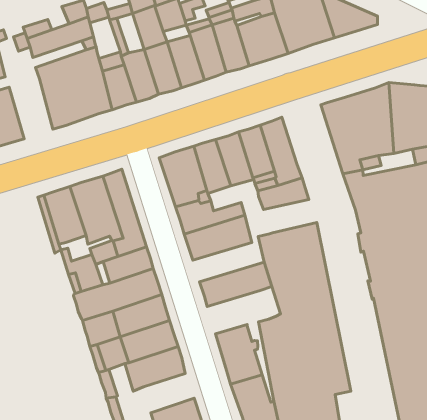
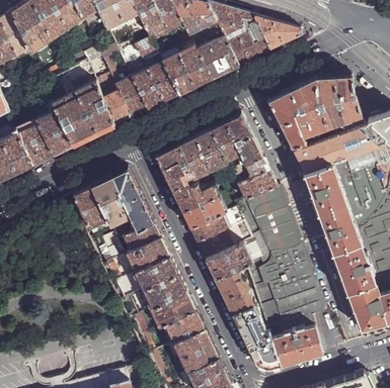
building: none -> [37,110,74,156]
building: none -> [237,171,278,200]
building: none -> [190,206,243,243]
building: none -> [206,243,252,279]
building: none -> [167,311,206,344]

